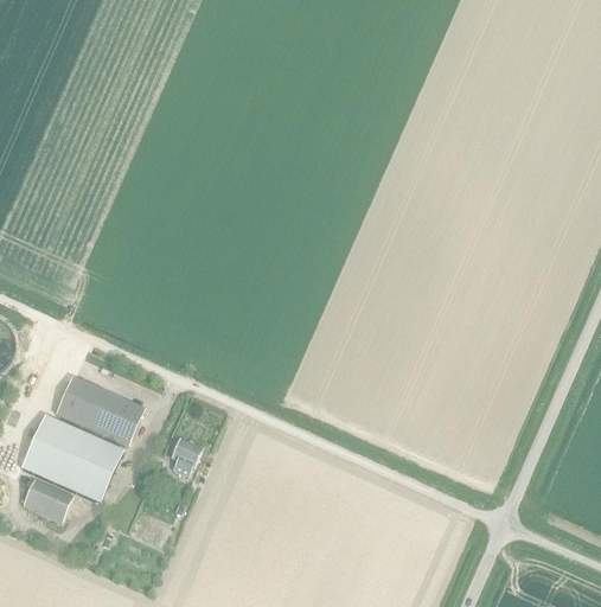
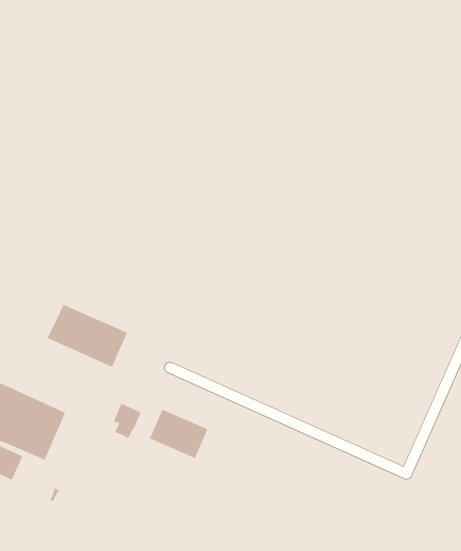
building: [56,377,143,446] -> [47,304,128,368]
building: none -> [149,409,208,459]

